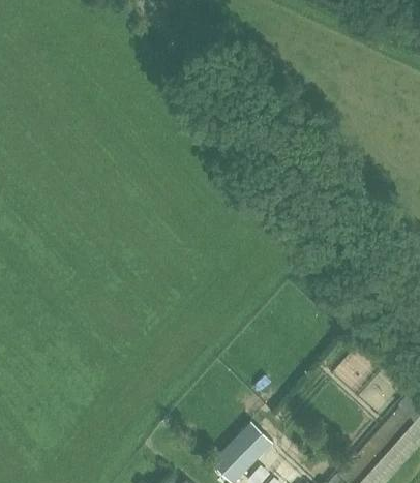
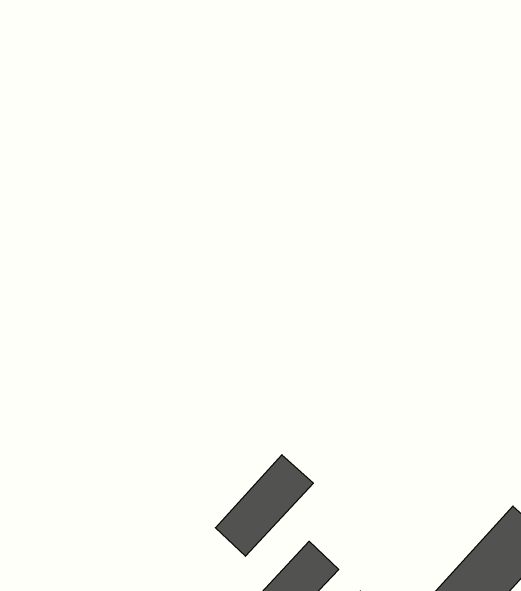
building: none -> [215,455,313,556]

